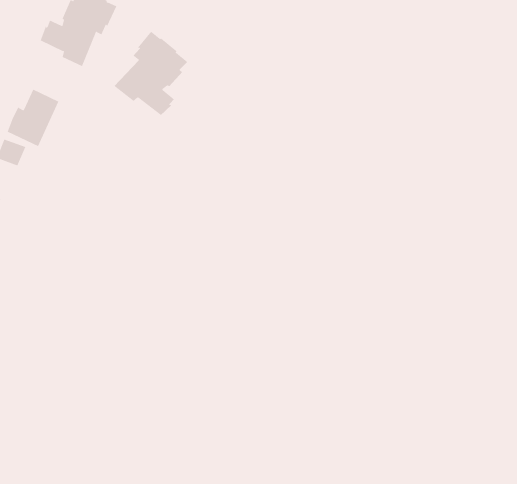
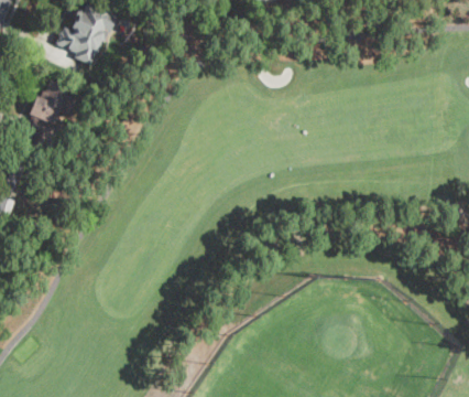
building: [113,31,188,116] -> none

